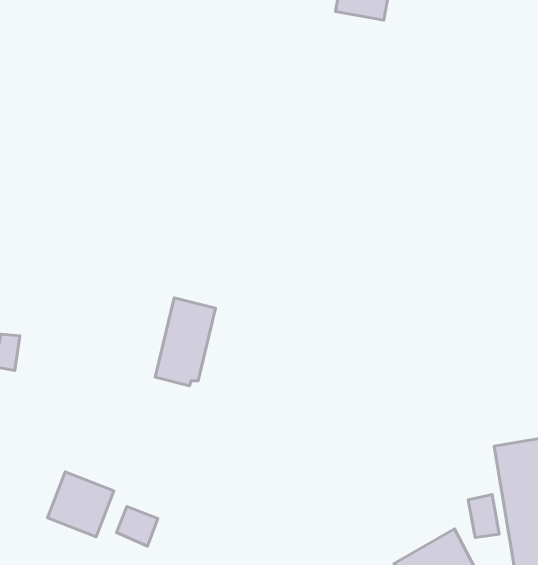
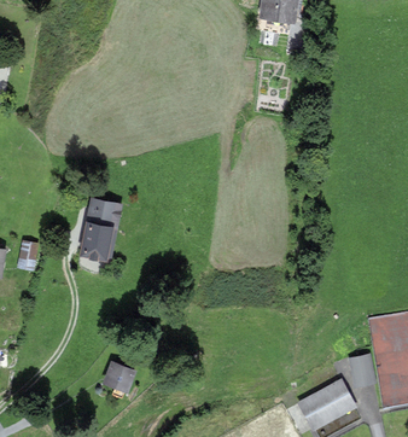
building: [155,298,215,386] -> [81,198,123,260]
building: [48,472,114,537] -> none

